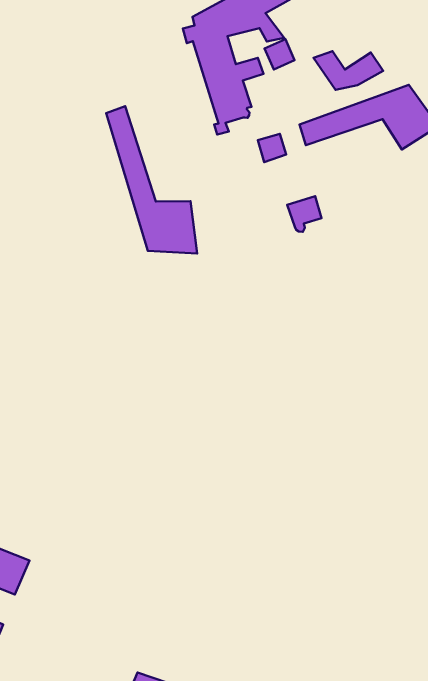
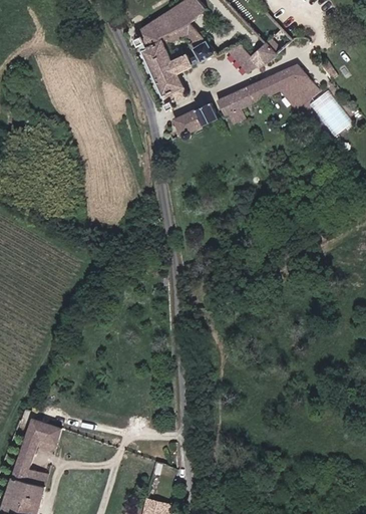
building: [106,106,197,254] -> none
building: [287,196,321,232] -> [173,112,199,139]

